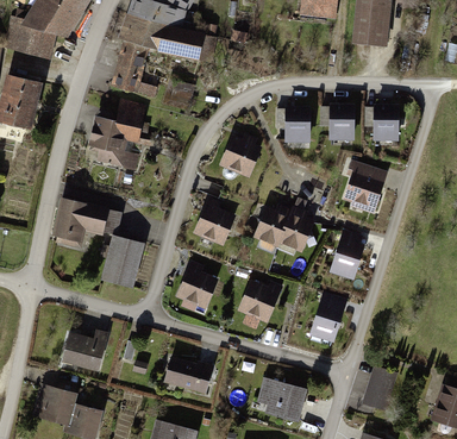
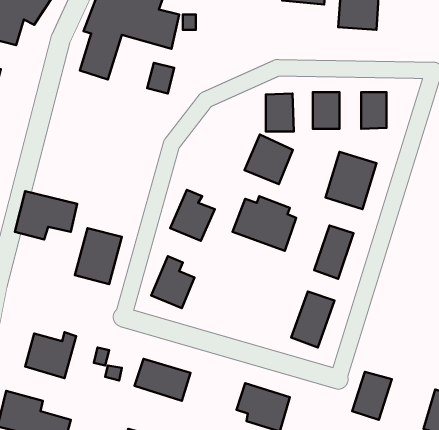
building: [86,99,149,171] -> none
building: [217,132,262,178] -> [245,135,293,184]
building: [237,278,286,325] -> none

